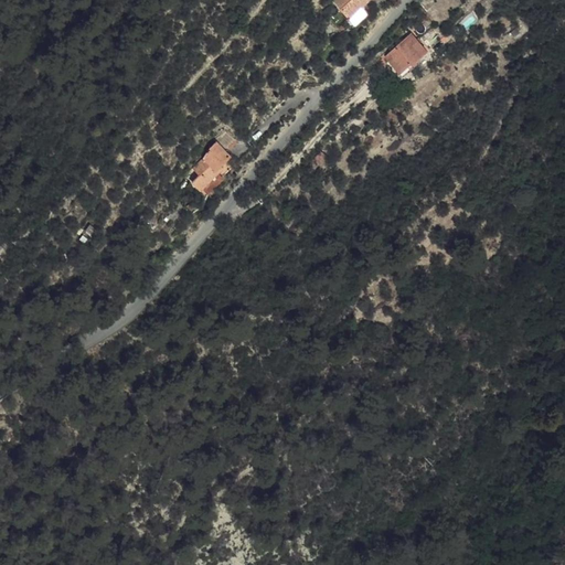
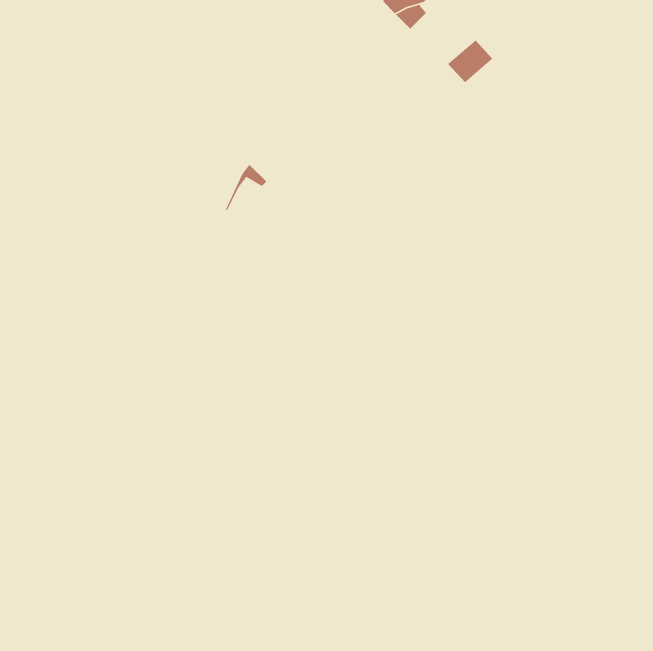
building: [192,153,226,194] -> none

